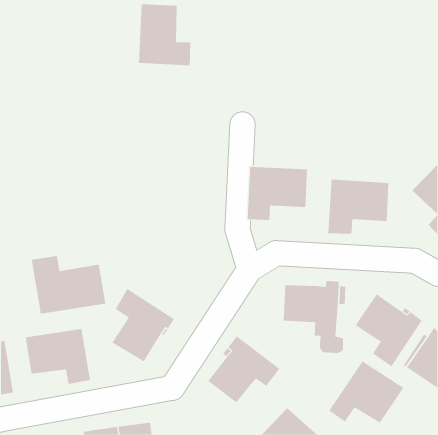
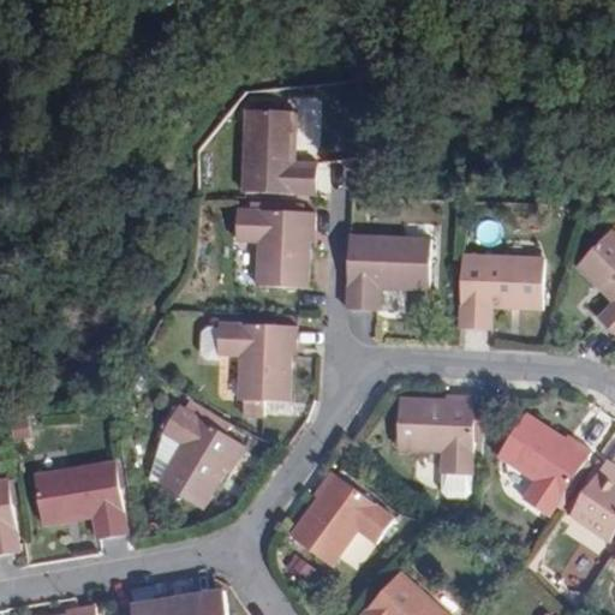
building: [138,4,191,66] -> [241,108,316,195]
building: none -> [235,209,315,286]
building: none -> [217,323,295,416]
building: [31,255,106,315] -> none
building: [328,360,404,424] -> none

